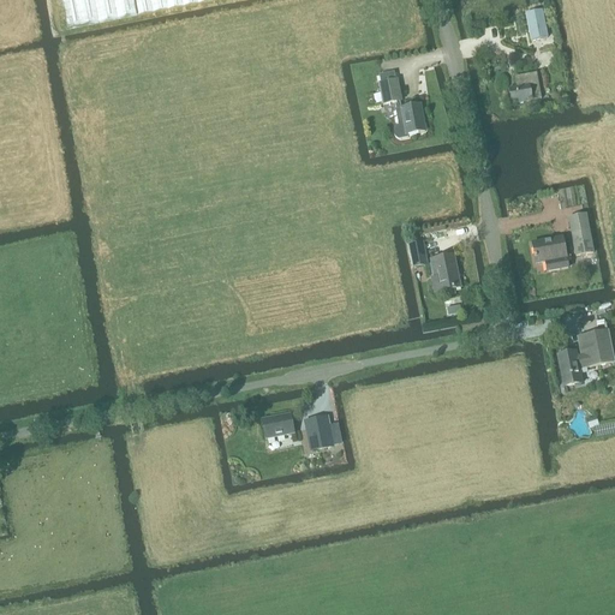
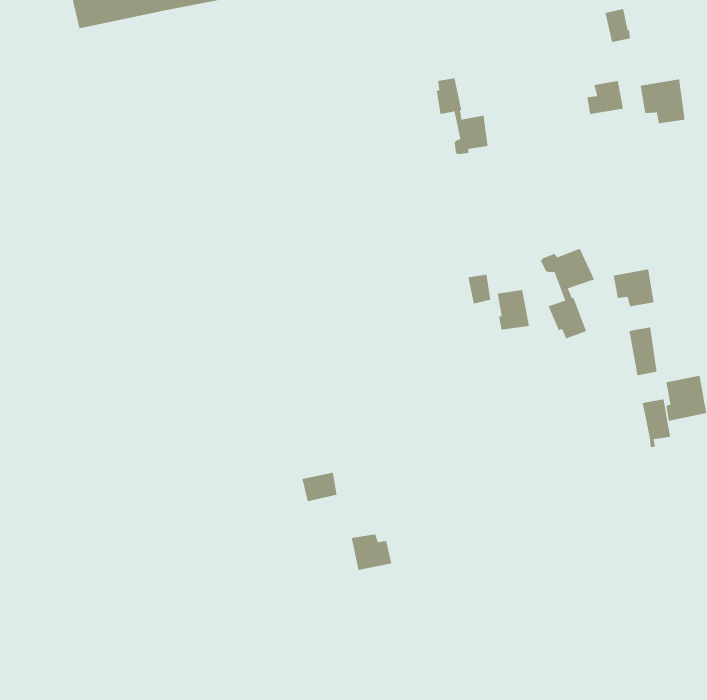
building: none -> [640,78,685,124]
building: [568,209,593,252] -> [629,326,658,376]
building: none -> [540,248,595,340]
building: [306,413,342,446] -> [351,533,392,571]

